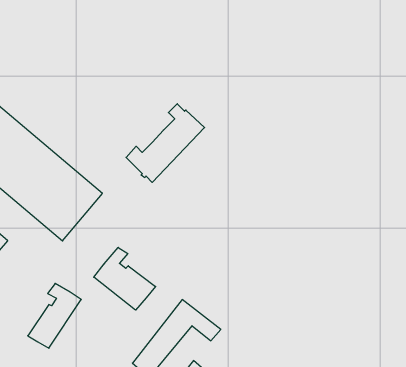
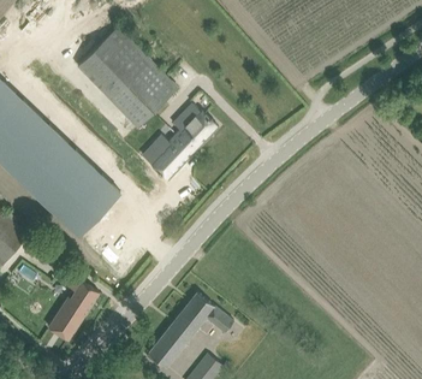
building: none -> [77,24,179,128]
building: [94,247,156,310] -> none

